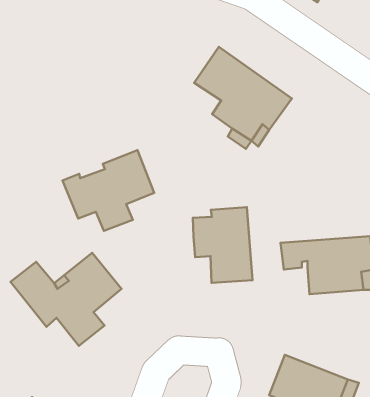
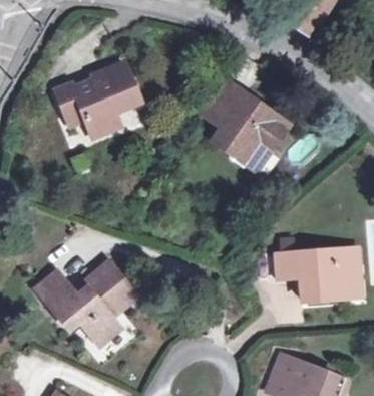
building: [62,150,154,231] -> [58,63,140,136]
building: [193,207,252,283] -> none

